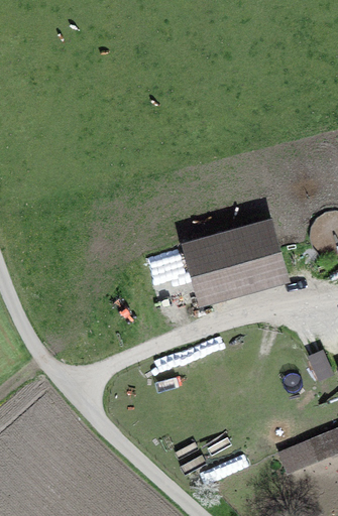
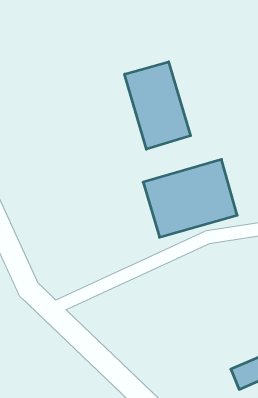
building: none -> [125,62,191,149]

